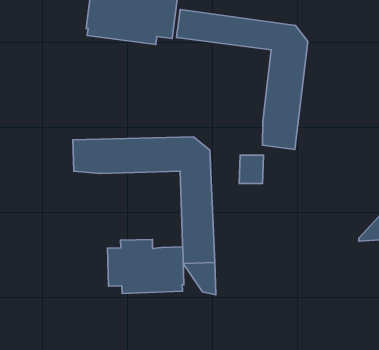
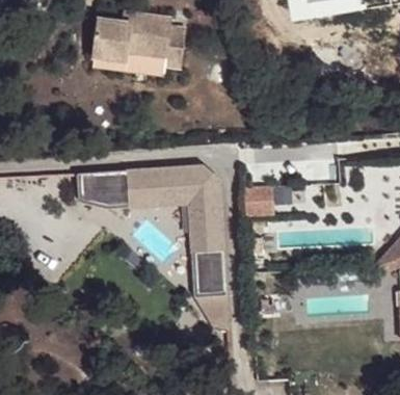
building: [176,9,308,149] -> none
building: [107,240,184,293] -> none

